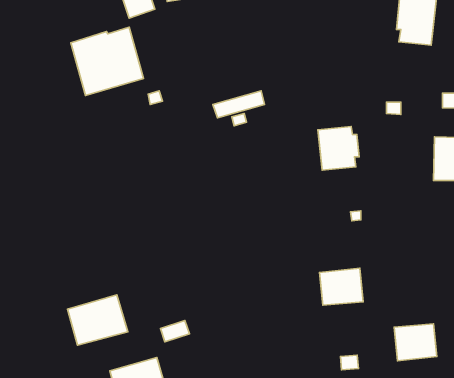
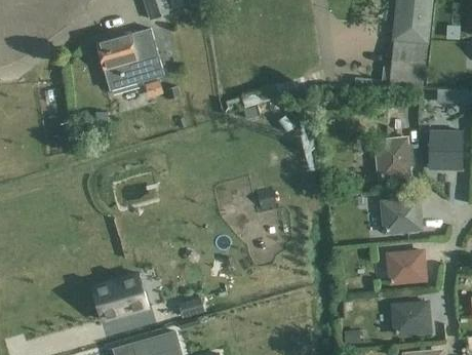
building: none -> [387,42,426,89]
building: [318,127,359,170] -> [376,139,414,179]
building: none -> [382,199,422,232]
building: [320,268,363,305] -> [387,249,427,283]

